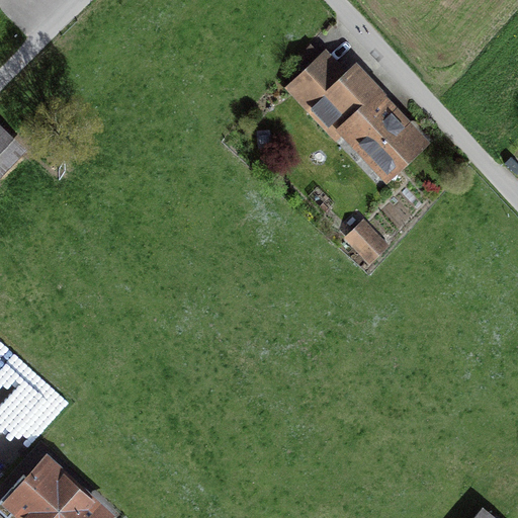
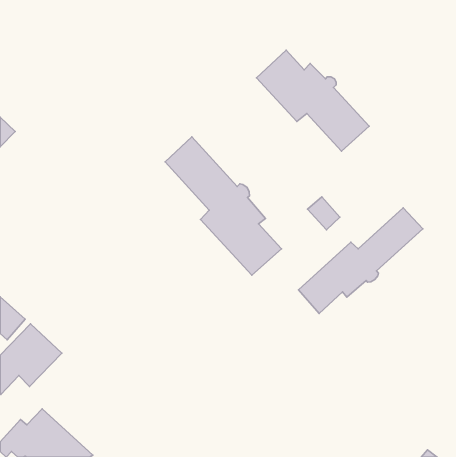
building: none -> [165,137,282,275]
building: none -> [299,208,423,313]

